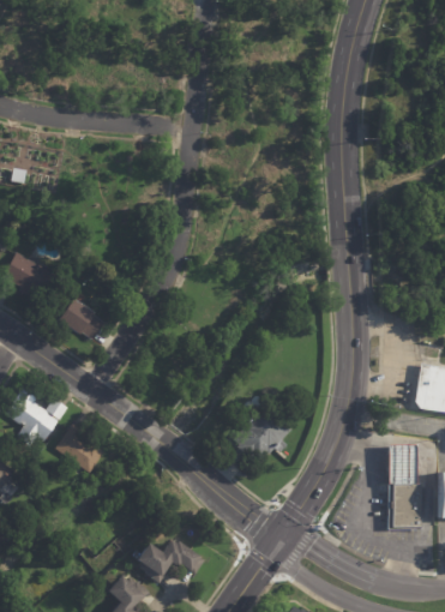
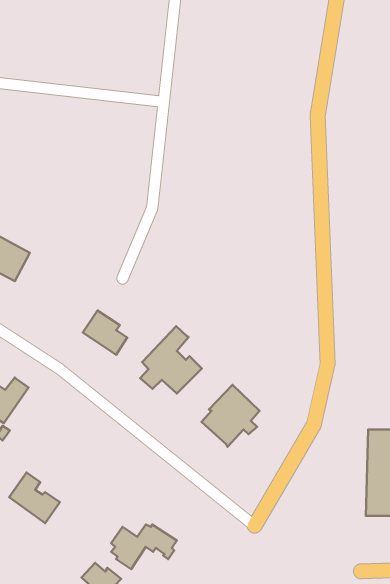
building: [54,294,97,337] -> [83,310,127,355]
building: none -> [140,326,202,394]
building: [49,421,98,470] -> [9,472,60,523]

